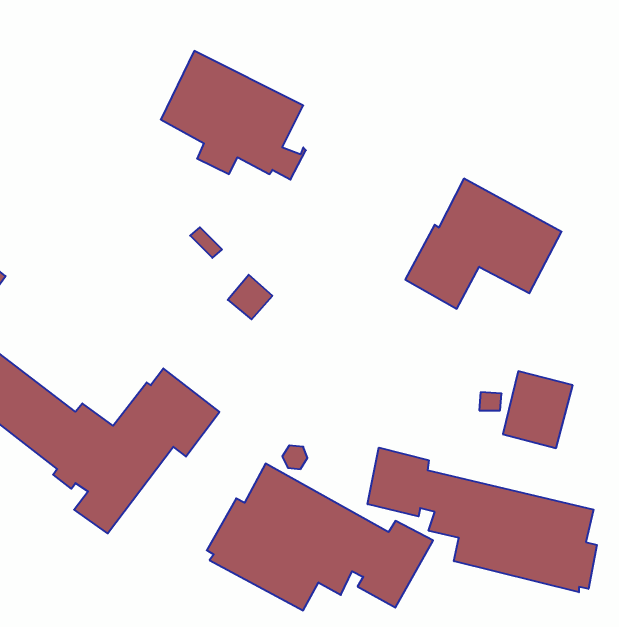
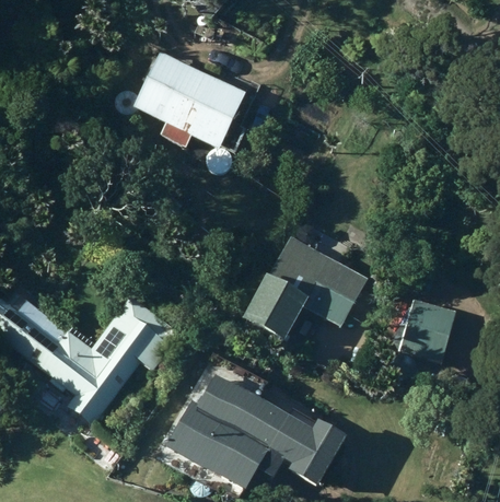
building: [405,179,562,309] -> [243,236,365,338]
building: [368,448,597,592] -> none

